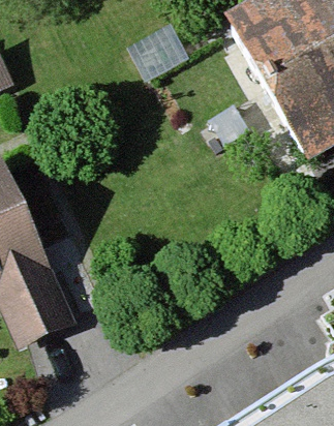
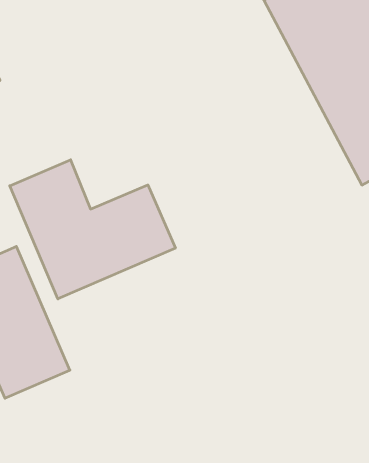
building: none -> [10,160,175,299]

